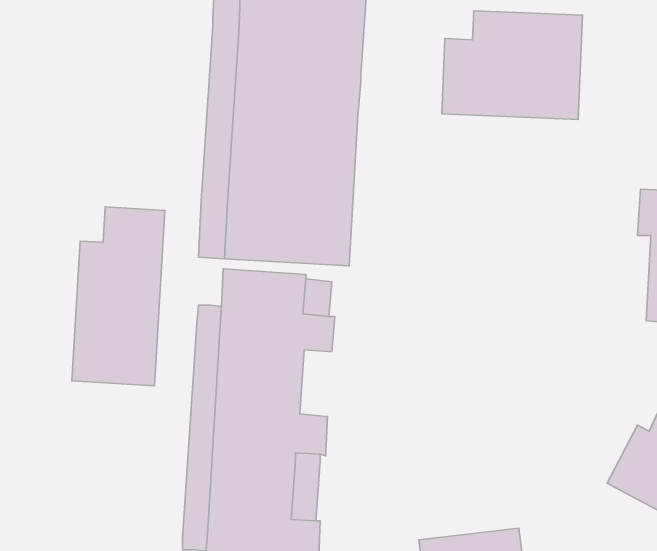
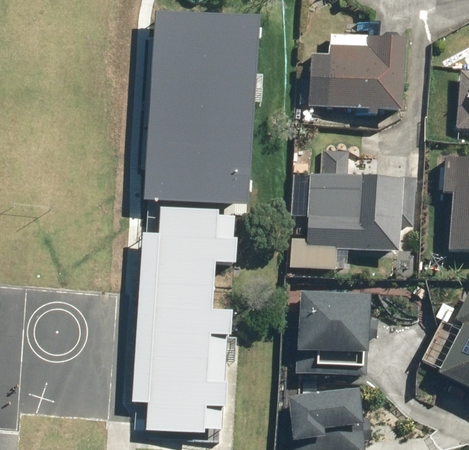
building: none -> [291,150,418,270]
building: [72,207,165,386] -> none
building: none -> [302,291,375,364]

